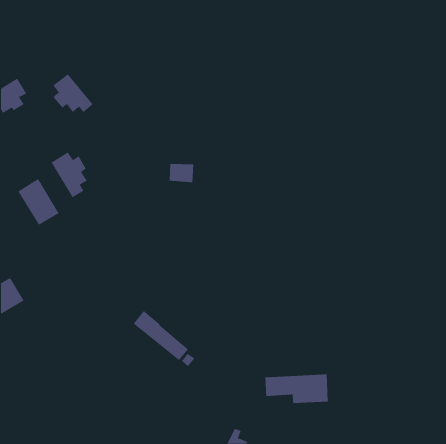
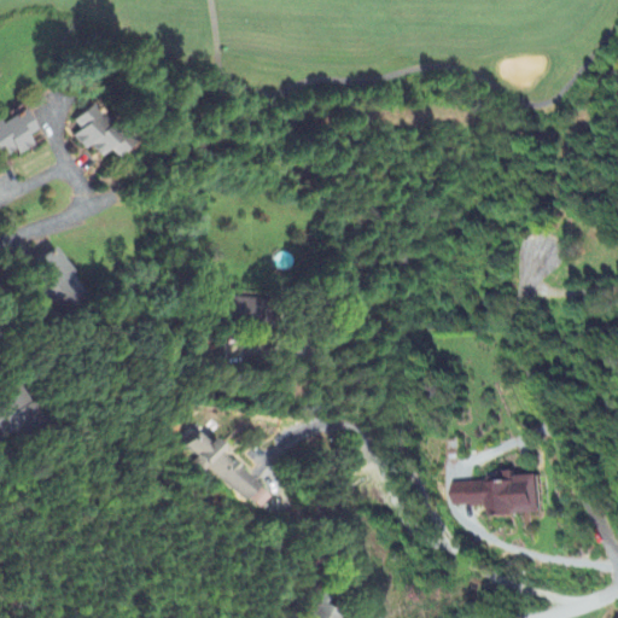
building: [51,151,88,198] -> none
building: [169,163,194,183] -> [231,296,266,322]
building: [265,374,328,404] -> [455,474,543,515]

